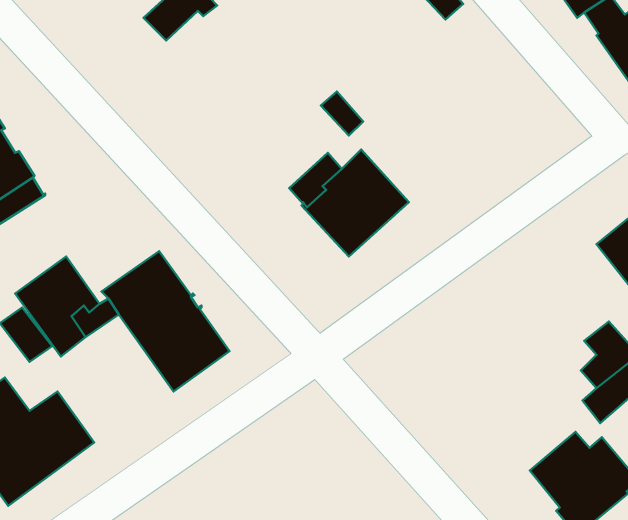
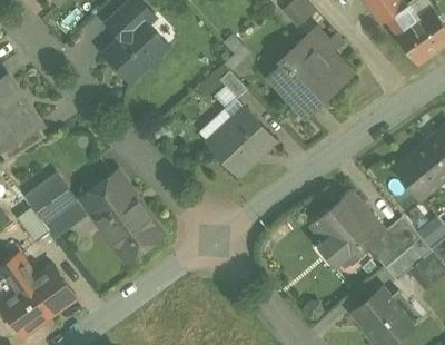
building: none -> [105,20,166,80]
building: none -> [270,31,348,115]
building: none -> [312,193,383,265]

